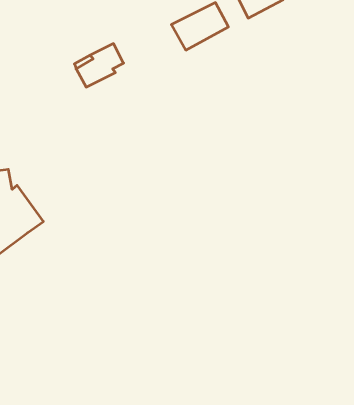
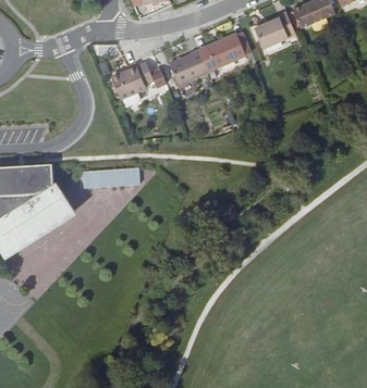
building: none -> [170,49,208,85]
building: none -> [82,166,138,186]

